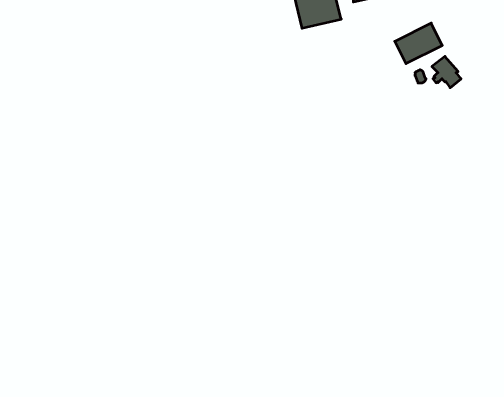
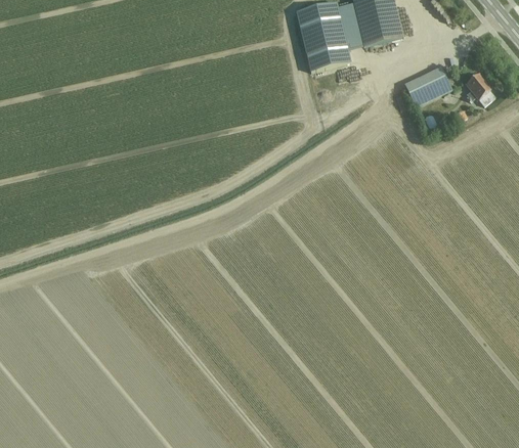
building: [432,56,461,88] -> [465,73,494,104]

